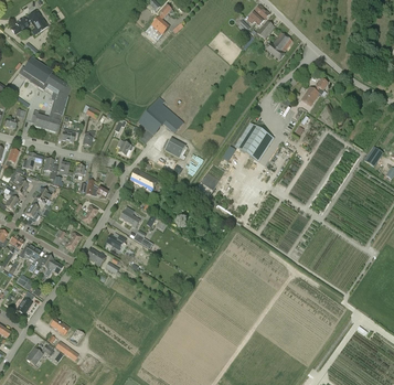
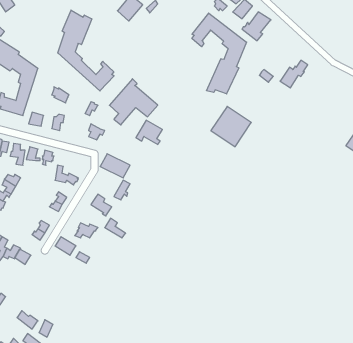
building: none -> [58,10,114,91]
building: none -> [192,13,247,94]

